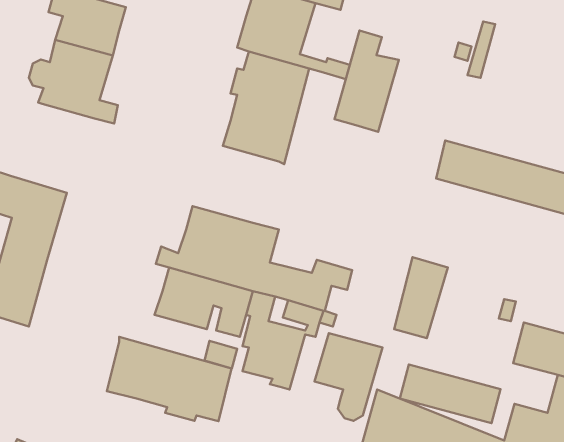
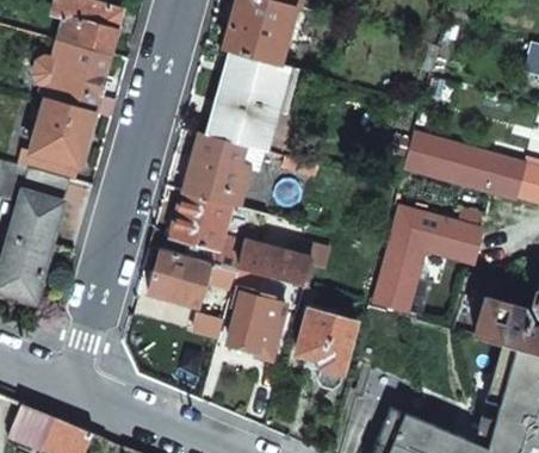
building: [335,31,399,132] -> none
building: none -> [18,99,94,182]
building: none -> [184,135,262,207]
building: [107,337,232,421] -> none
building: [400,364,501,423] -> [386,204,478,257]

